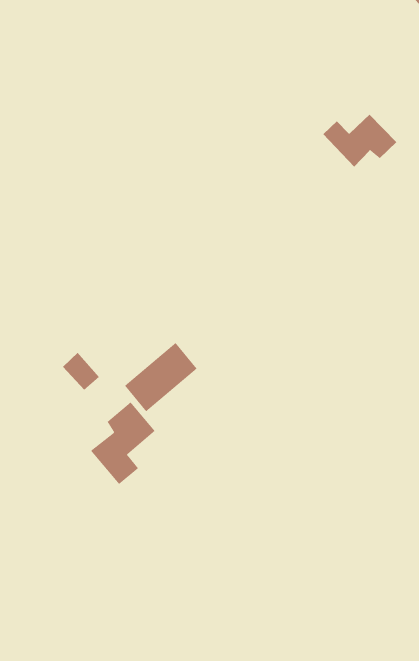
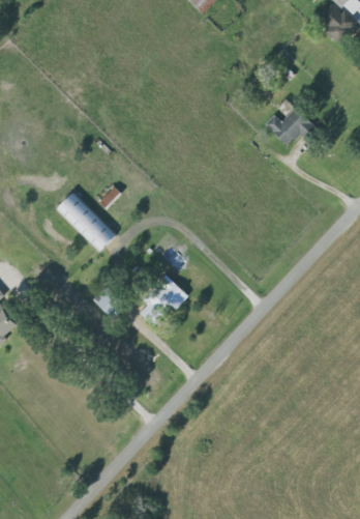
building: none -> [56,193,117,252]
building: [90,401,155,485] -> none

